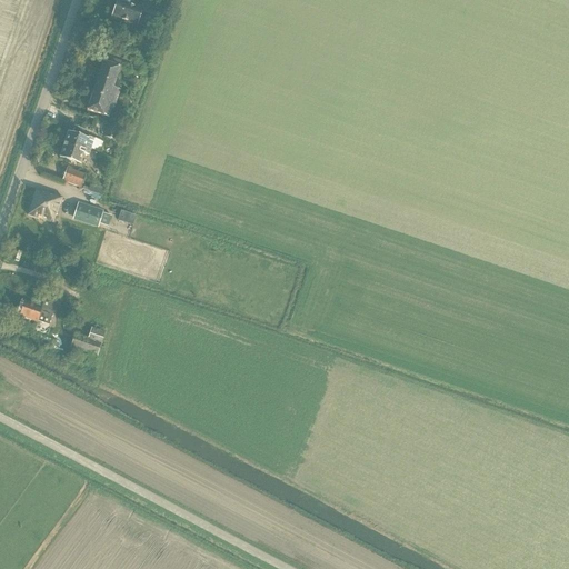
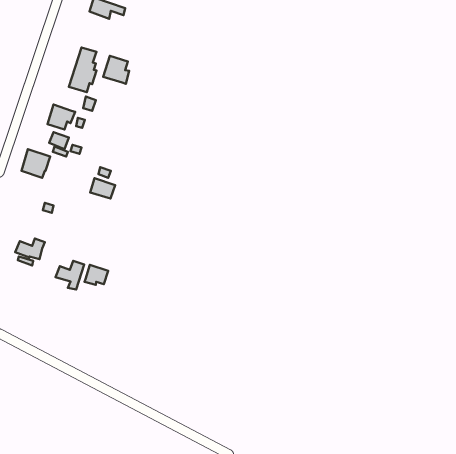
building: none -> [103,56,129,84]
building: [72,199,103,224] -> [90,178,115,199]
building: none -> [84,265,108,285]

